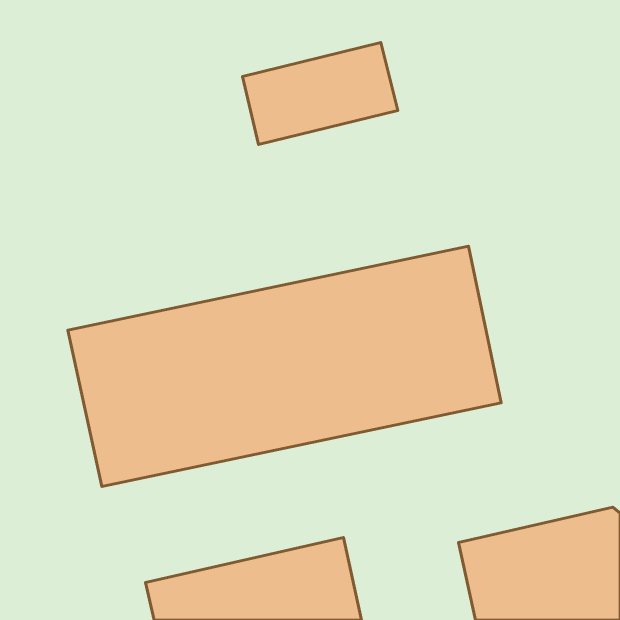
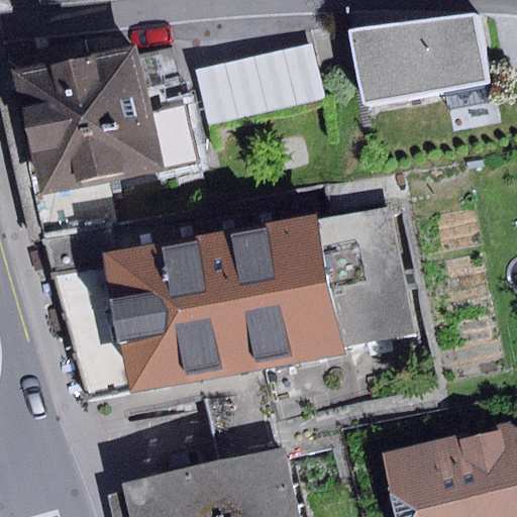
building: none -> [358,14,493,107]
building: none -> [9,44,201,198]

